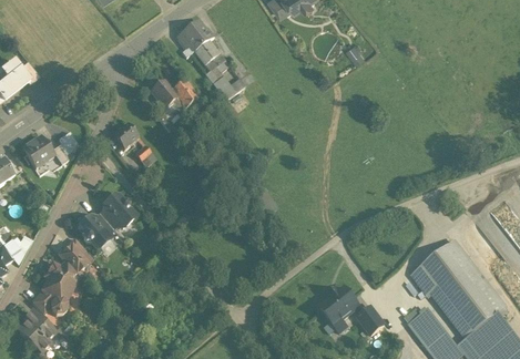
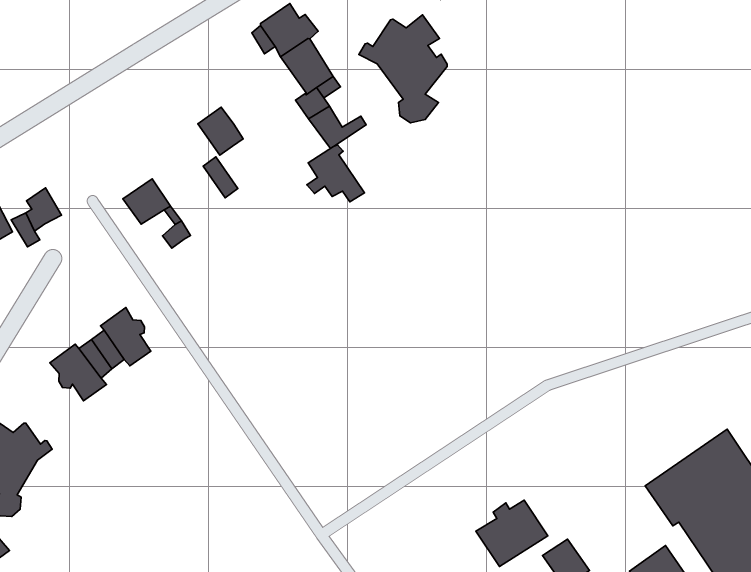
building: none -> [359,15,447,123]
building: [171,80,203,111] -> [307,145,365,202]
building: [60,239,88,275] -> none

